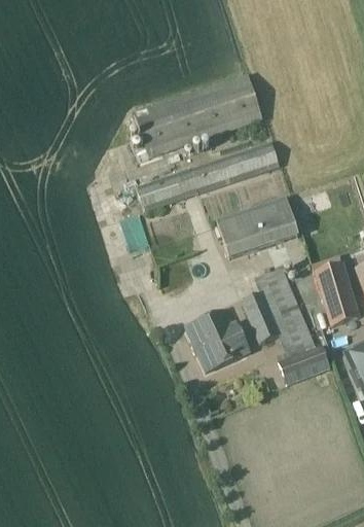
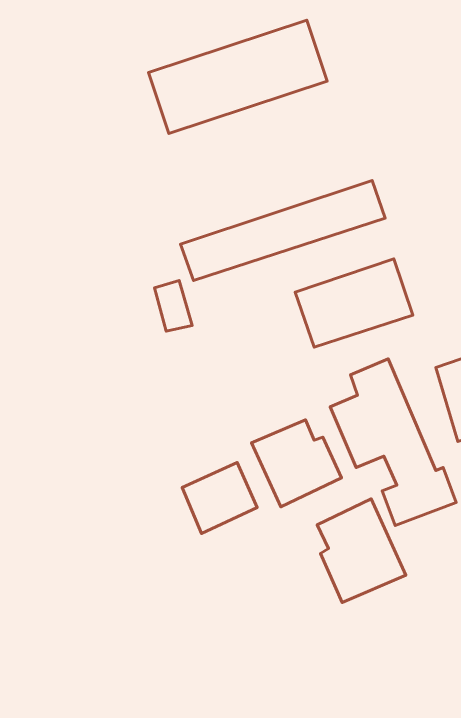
building: [135,75,261,155] -> [149,20,327,133]
building: none -> [182,463,257,533]
building: none -> [317,499,406,602]

